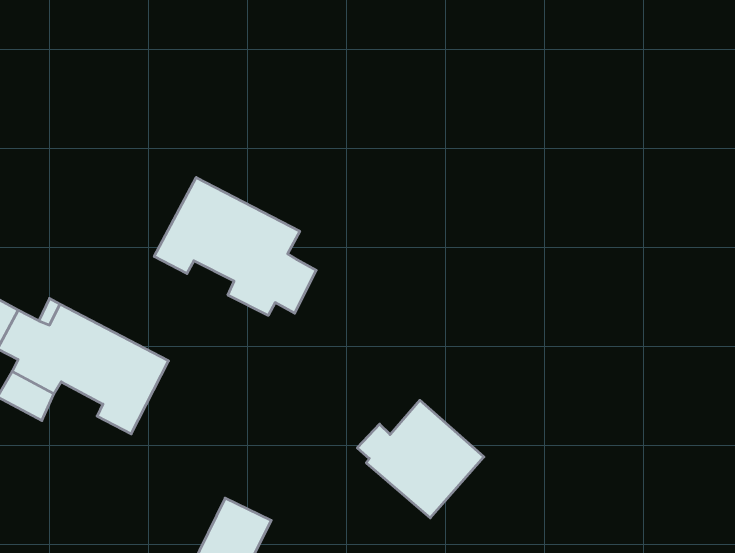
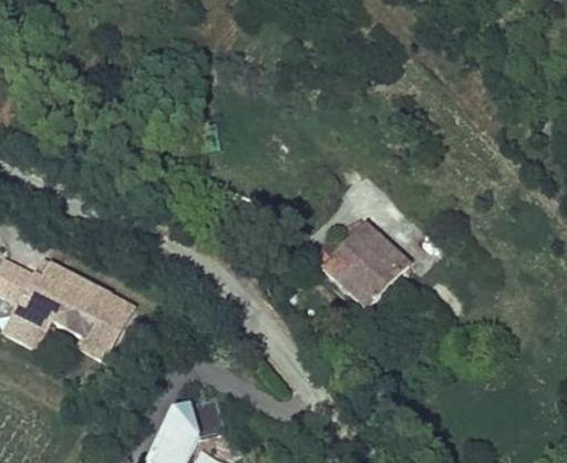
building: [154,177,316,315] -> none
building: [357,400,484,518] -> [316,220,410,308]

